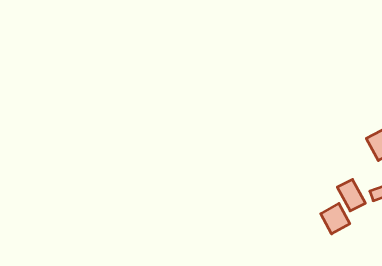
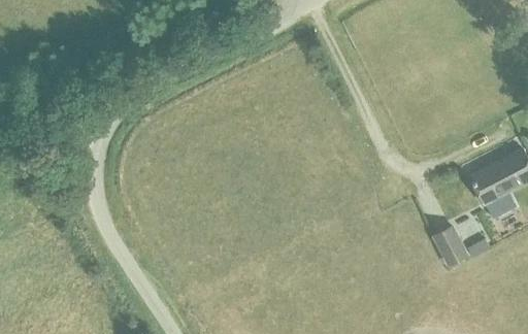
building: [321,203,350,234] -> none

